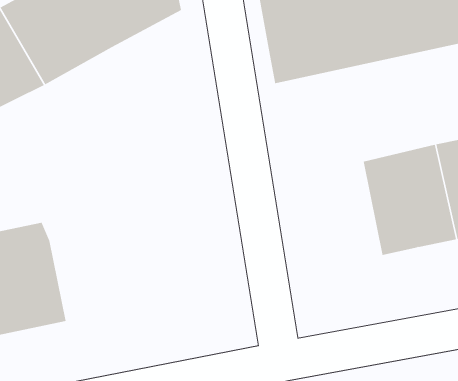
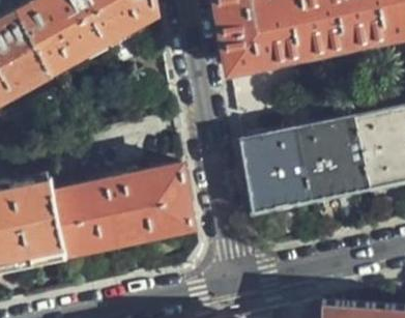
building: none -> [241,132,312,215]
building: none -> [56,166,194,255]

